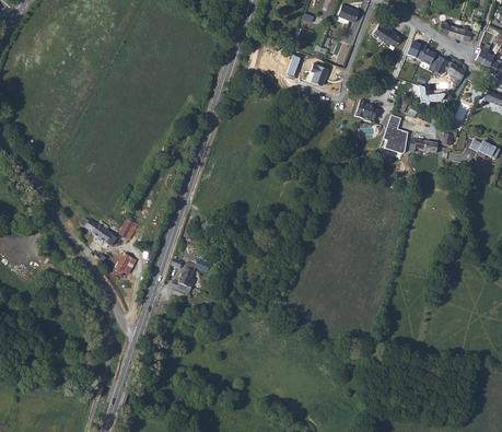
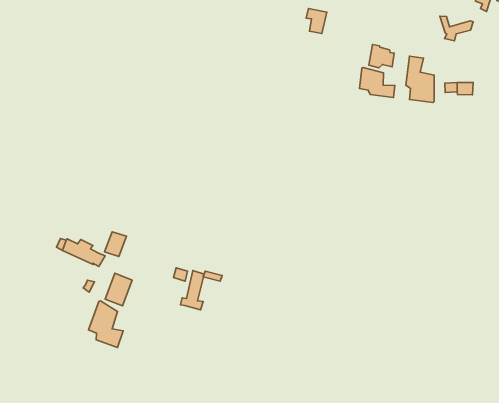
building: none -> [359,67,395,97]
building: none -> [89,301,123,347]

